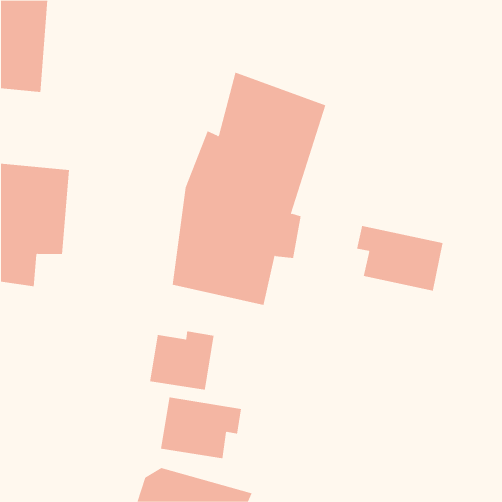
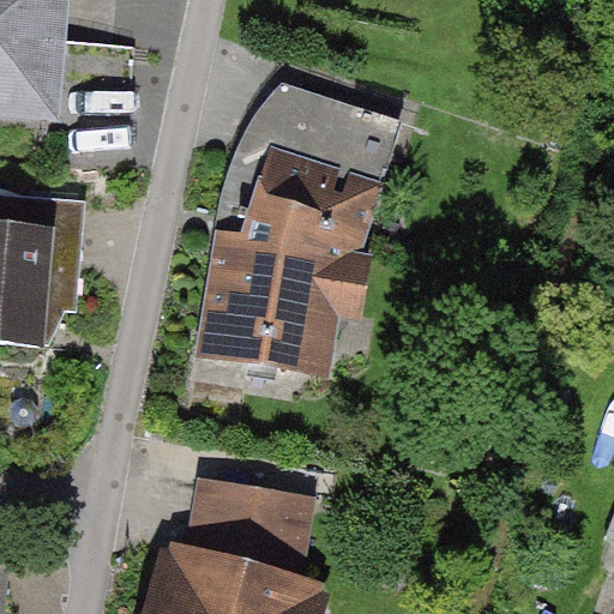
building: [357,225,443,292] -> none
building: [149,331,214,390] -> none

